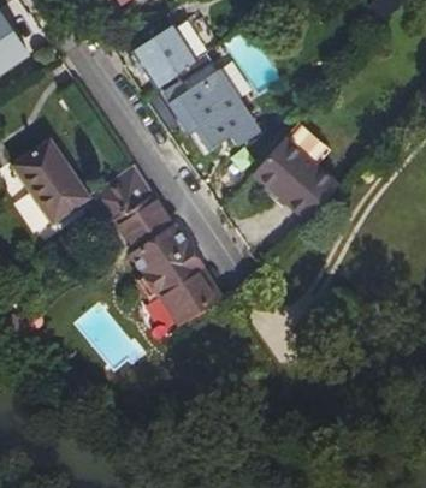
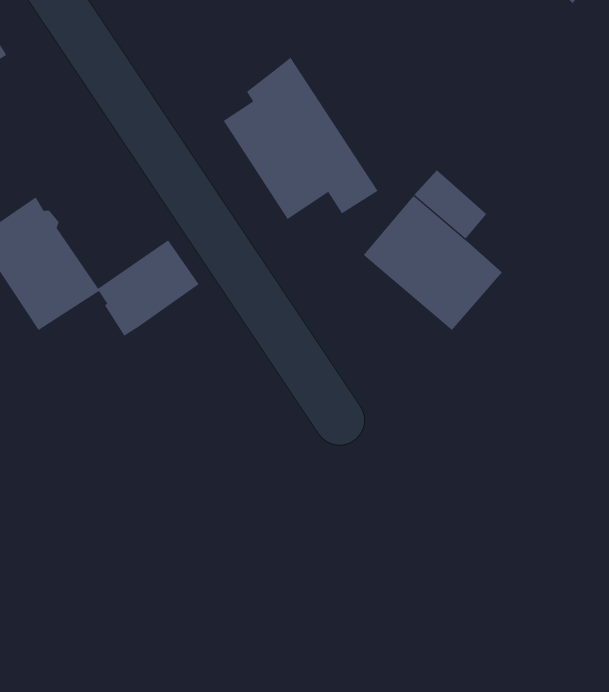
building: [132,28,195,85] -> none
building: [113,192,220,321] -> none

